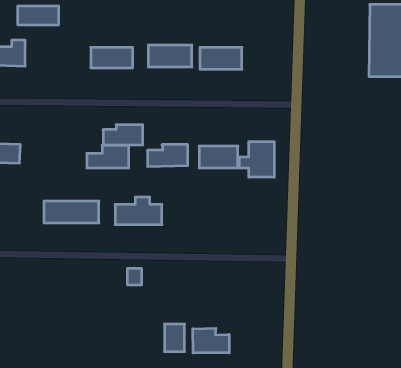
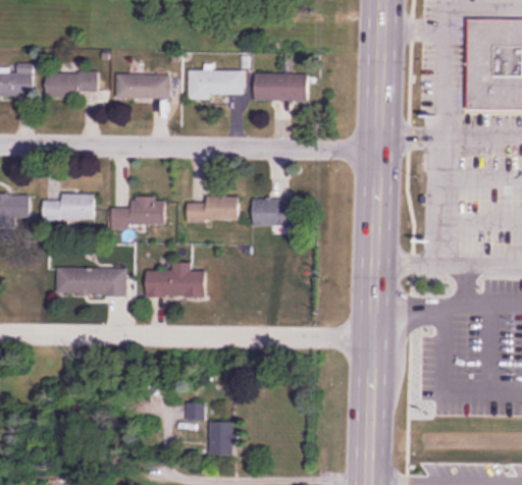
building: [18,6,59,25] -> [46,72,98,96]
building: [103,125,143,145] -> [44,195,94,220]
building: [239,142,274,177] -> none
building: [127,269,142,285] -> [187,400,205,421]
building: [193,328,229,353] -> none

